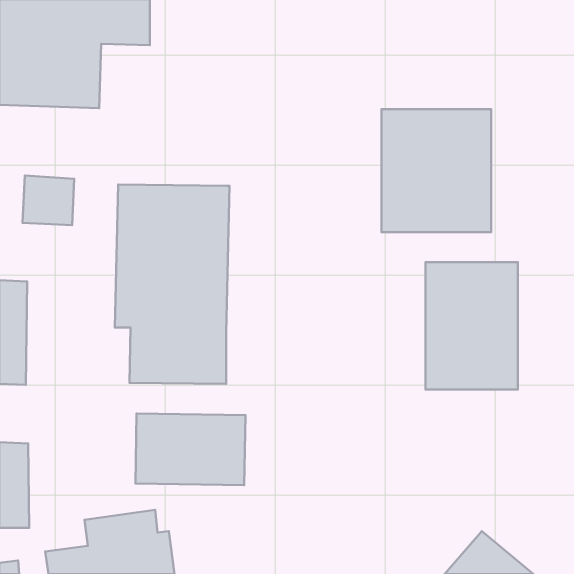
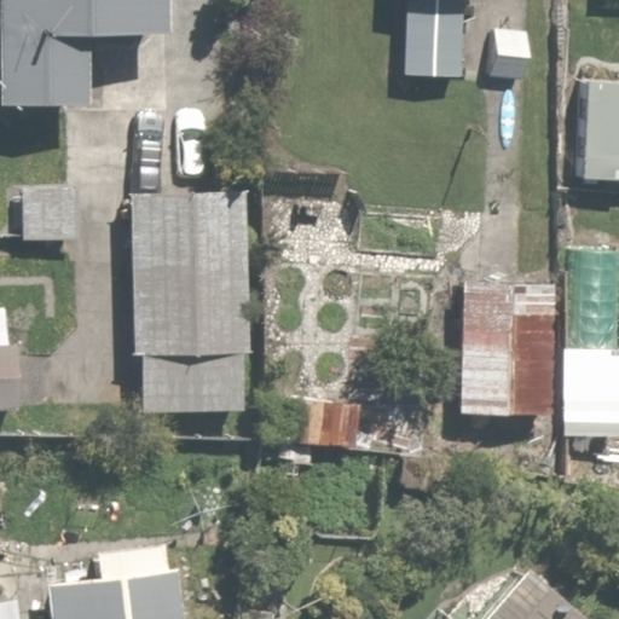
building: [382,109,491,232] -> none
building: [135,413,246,485] -> none

